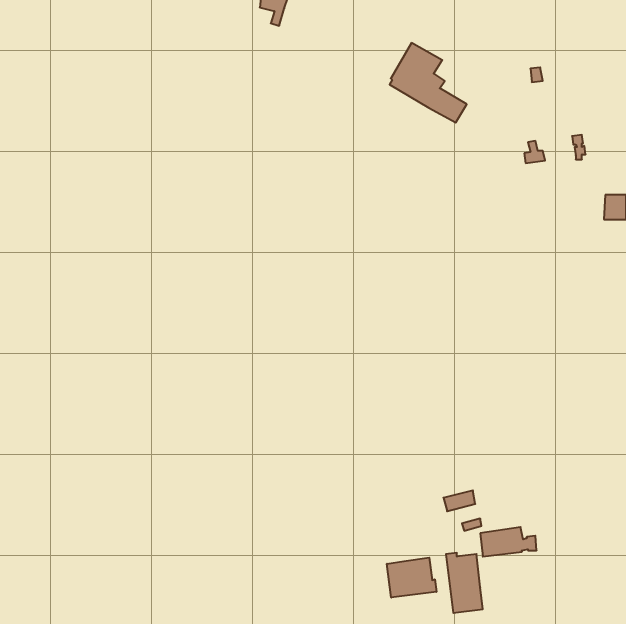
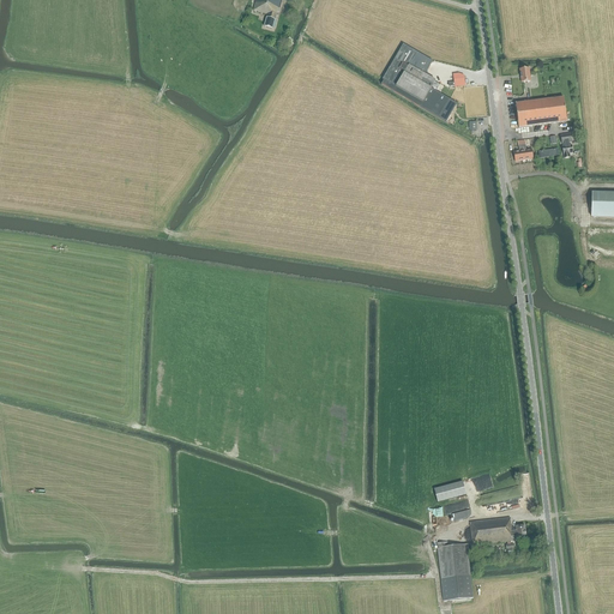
building: none -> [516,95,566,126]
building: [387,558,436,598] -> none

